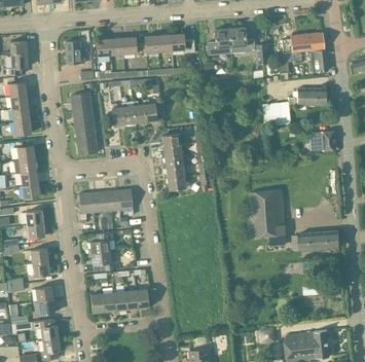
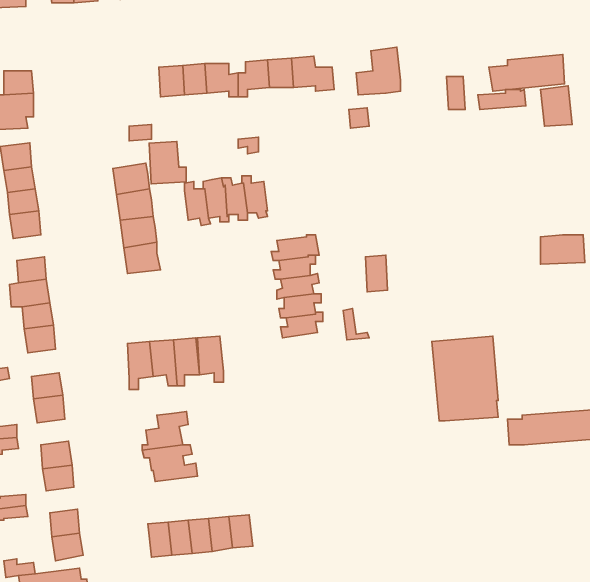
building: [229,27,255,52] -> none
building: [65,40,85,64] -> [149,141,186,184]
building: [297,88,326,105] -> none
building: [261,102,290,126] -> none

